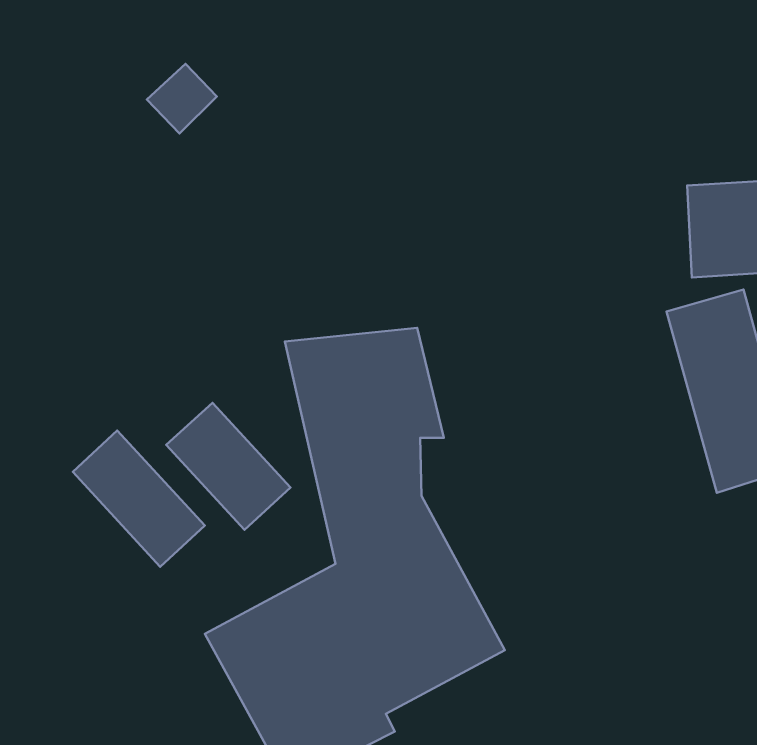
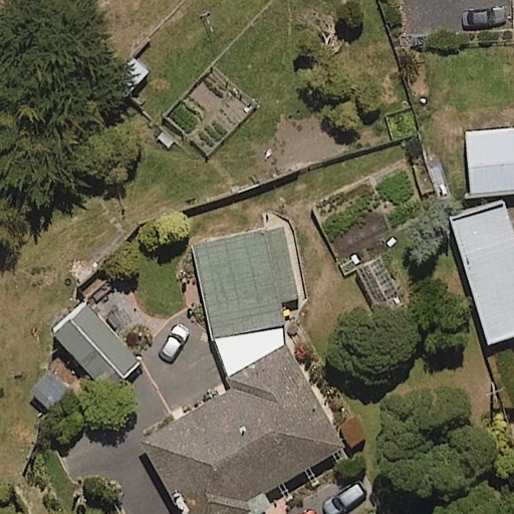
building: [166,403,291,530] -> none

